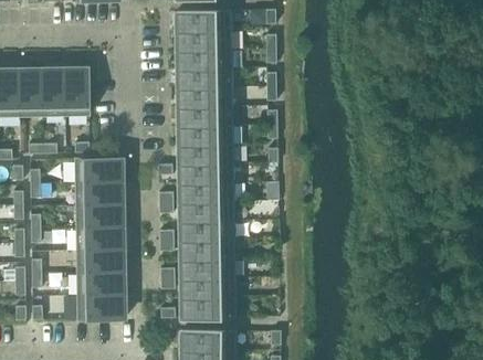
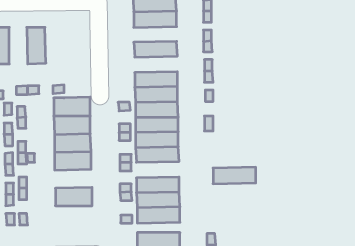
building: [63,67,87,114] -> none
building: [176,67,230,87] -> none
building: [18,68,41,115] -> none
building: [177,105,231,126] -> none
building: [179,239,233,260] -> [213,167,256,184]
building: [75,248,123,273] -> none
building: [76,295,123,319] -> none

